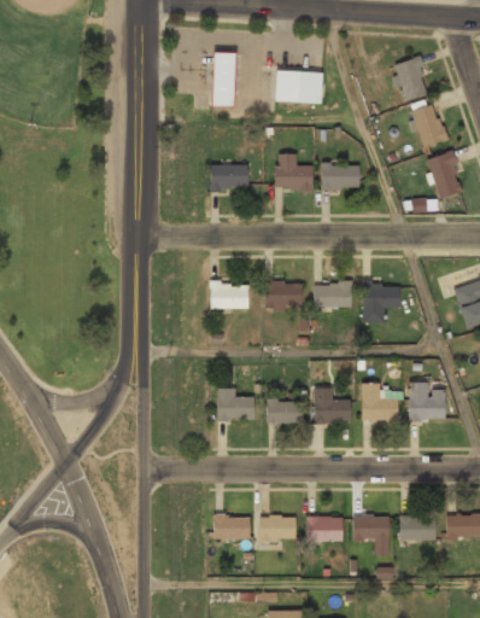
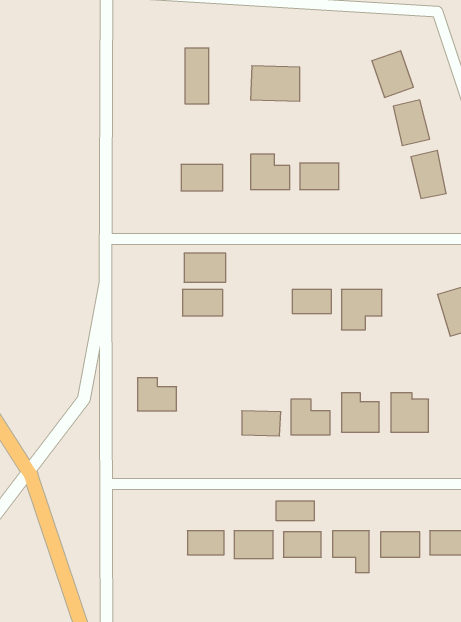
building: [263,281,303,309] -> [184,253,226,282]
building: [217,389,254,420] -> [137,378,177,411]
building: none -> [276,501,314,521]

